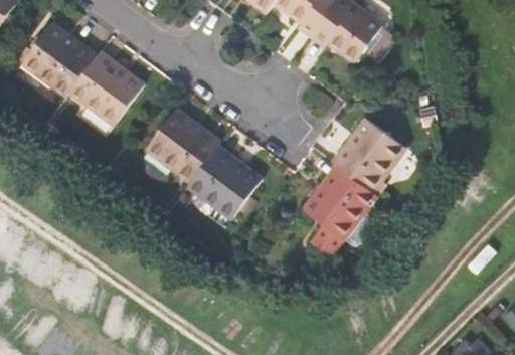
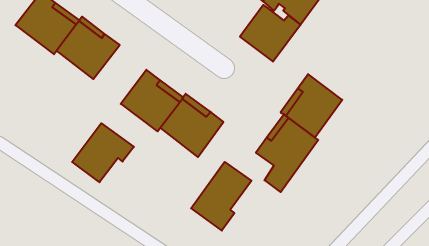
building: none -> [240,5,301,62]
building: none -> [72,123,134,182]
building: none -> [191,162,251,231]

